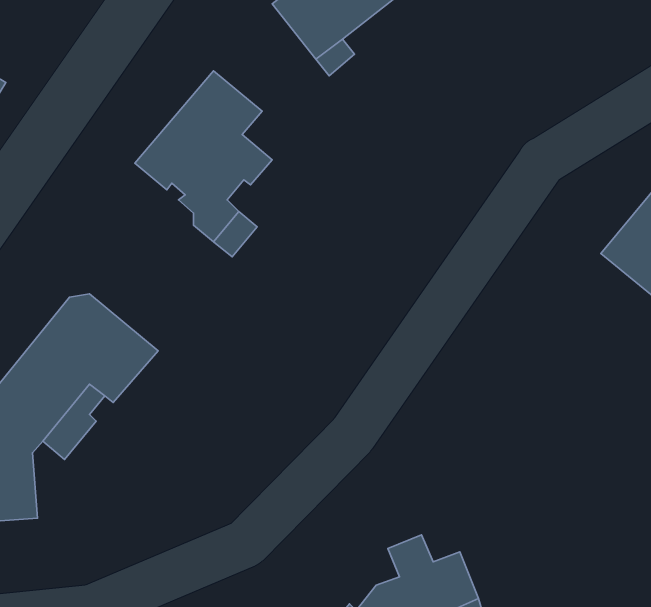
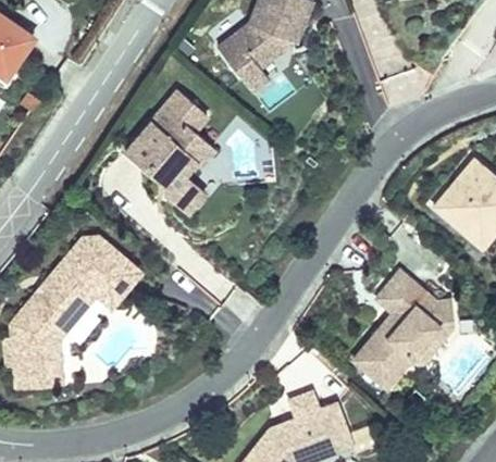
building: none -> [354,271,454,388]

